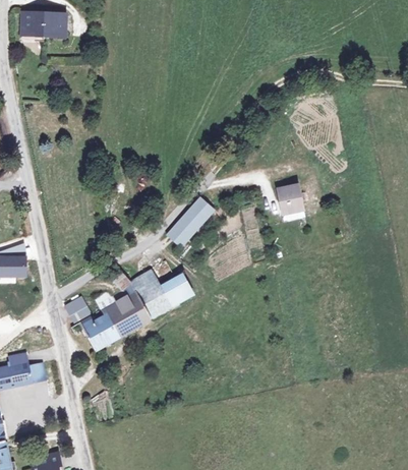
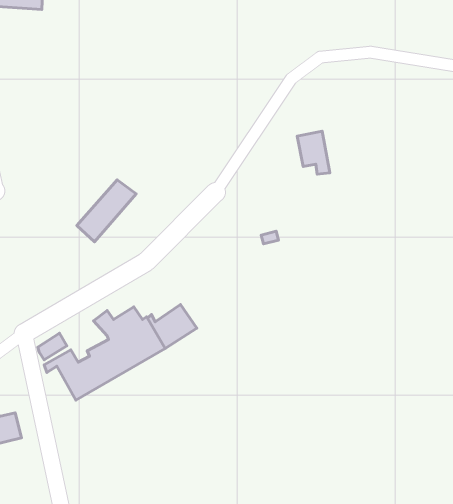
building: [280,187,306,222] -> [297,131,330,174]
building: [158,204,206,254] -> [77,180,136,242]

